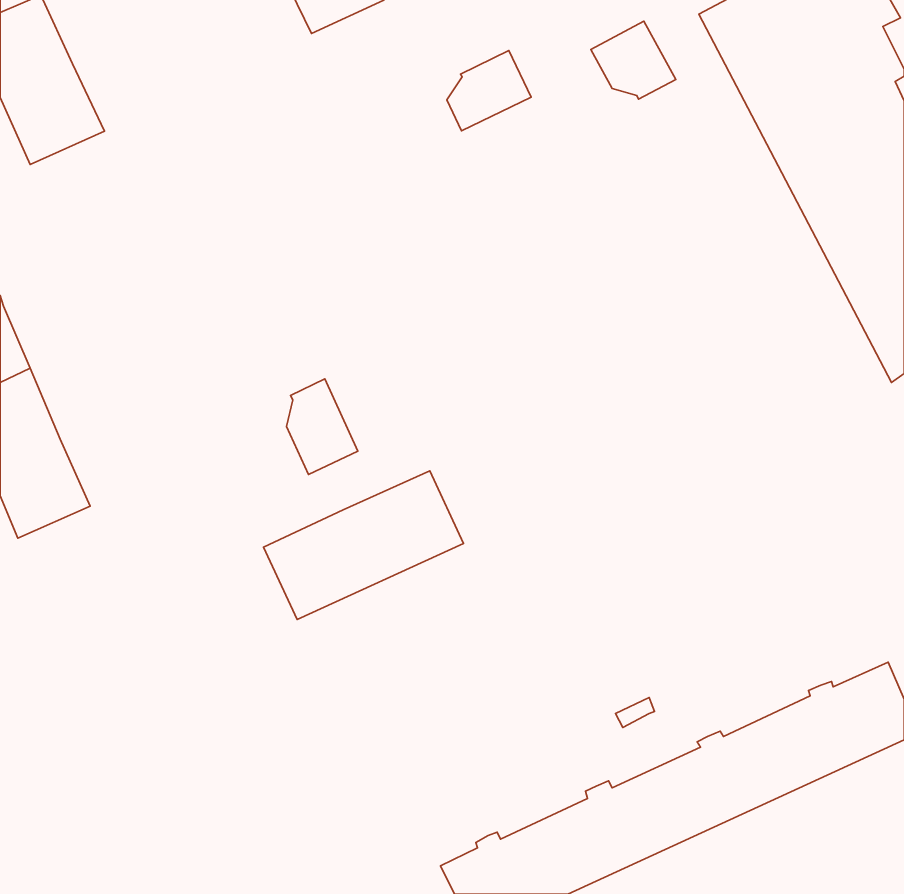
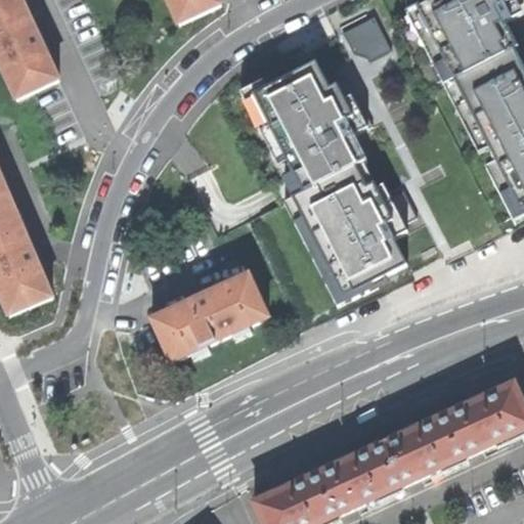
building: [447,50,531,131] -> none
building: none -> [244,61,419,304]
building: [287,379,358,474] -> none

